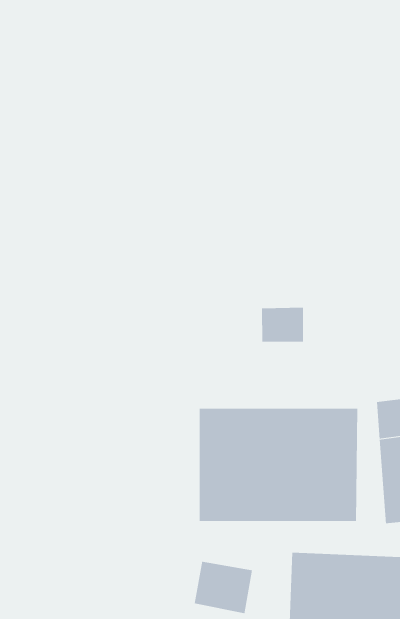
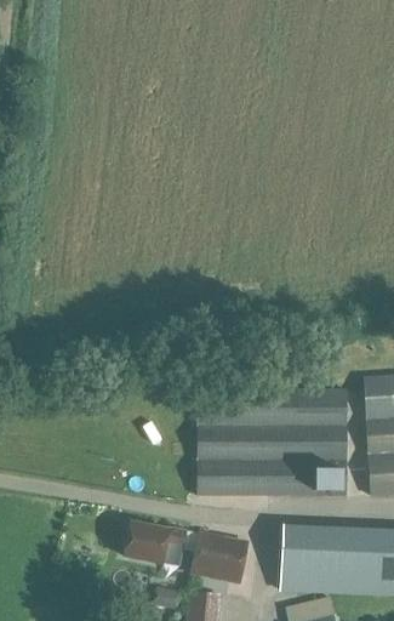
building: [262,307,303,343] -> none
building: none -> [121,522,184,564]

